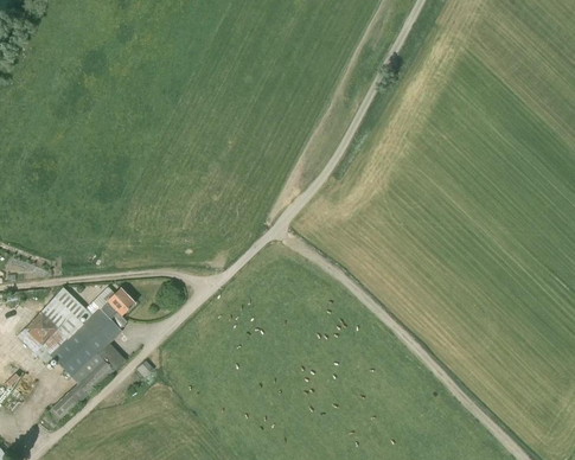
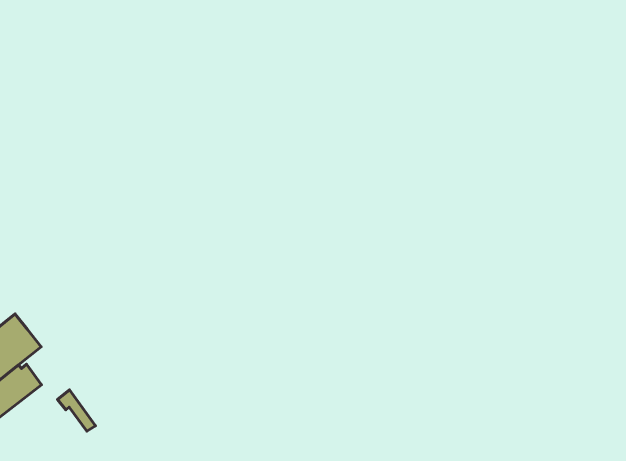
building: [100,287,134,318] -> none

